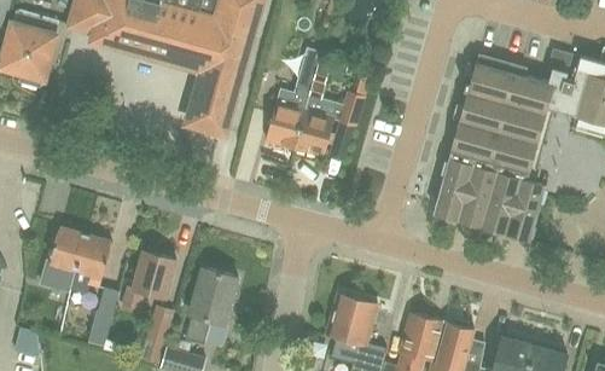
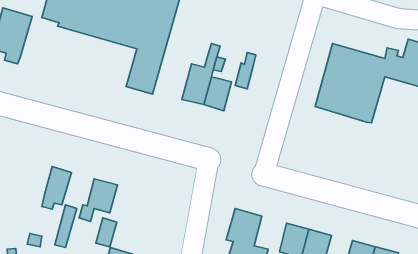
building: [434,149,546,230] -> none
building: [47,225,86,274] -> none
building: [186,265,238,342] -> none

